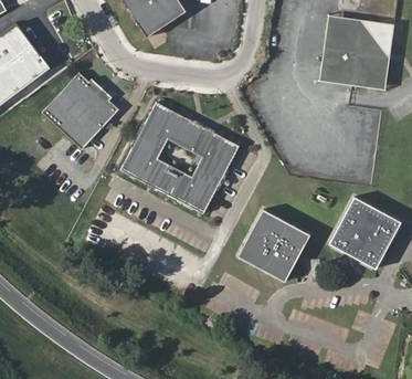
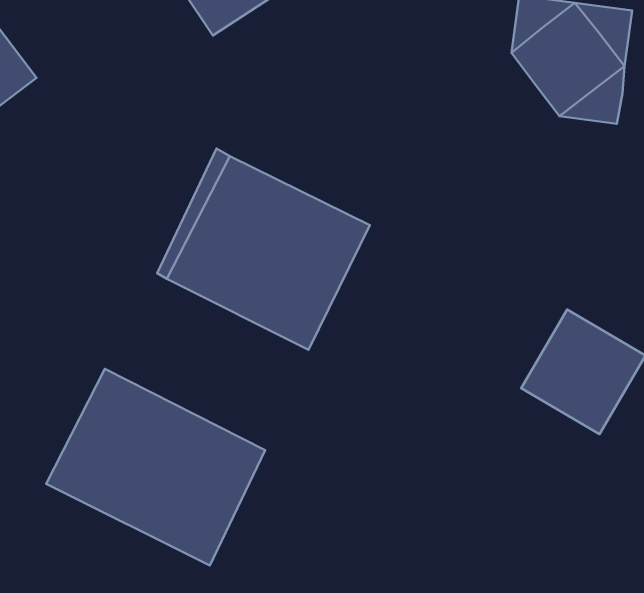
building: [319,49,351,85] -> none
building: [42,75,118,151] -> none
building: [240,204,311,276] -> none
building: none -> [46,369,265,565]

